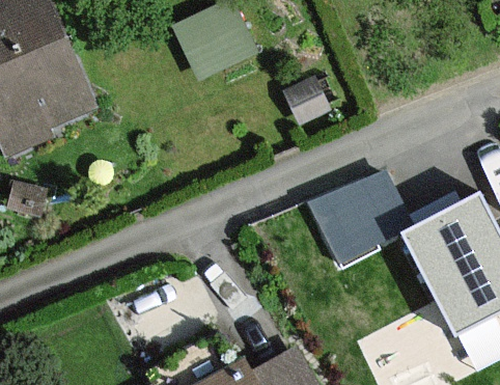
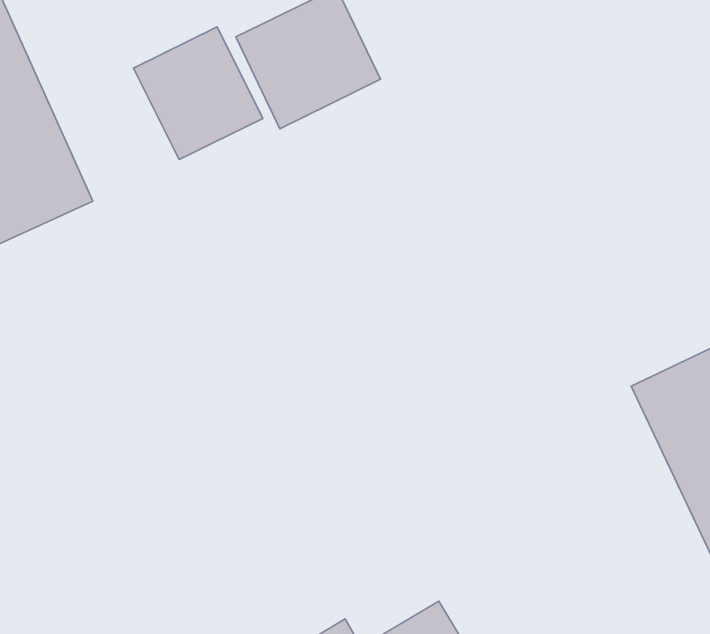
building: none -> [133,27,263,159]
building: [309,164,410,251] -> none

